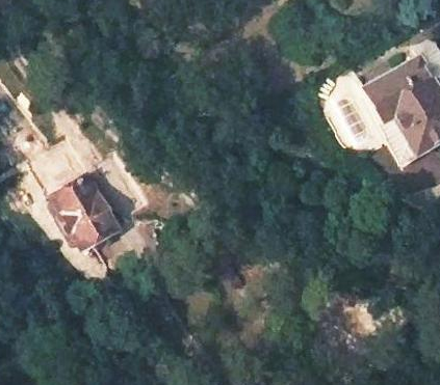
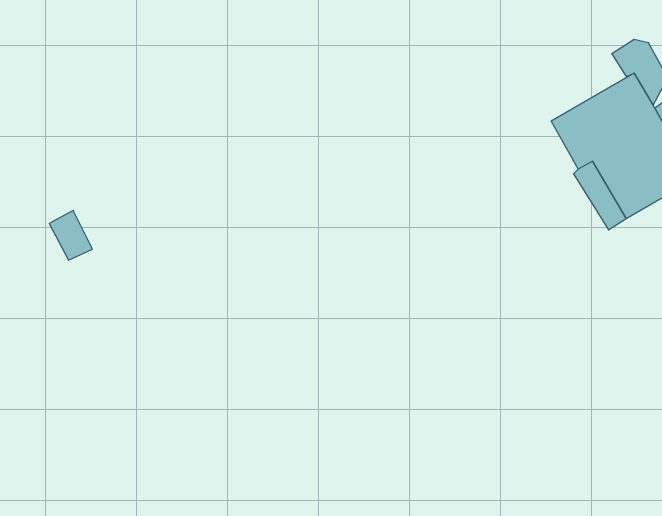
building: [50,177,115,252] -> none

